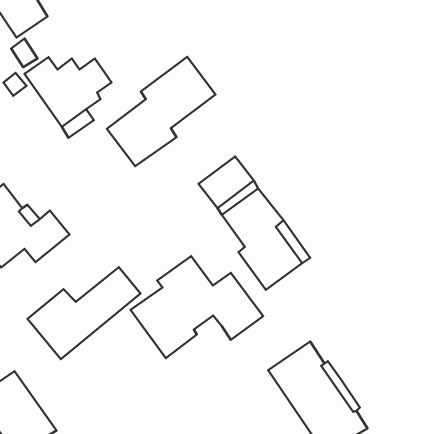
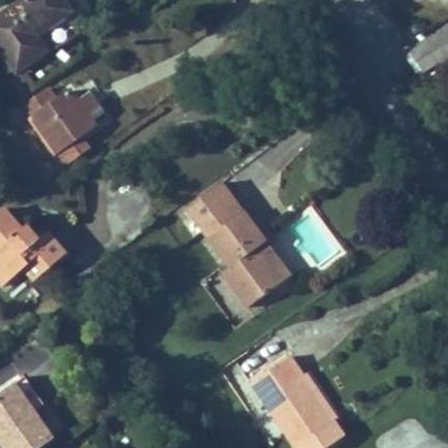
building: [107,57,215,166] -> none
building: [131,256,263,358] -> none
building: [28,267,141,359] -> none

